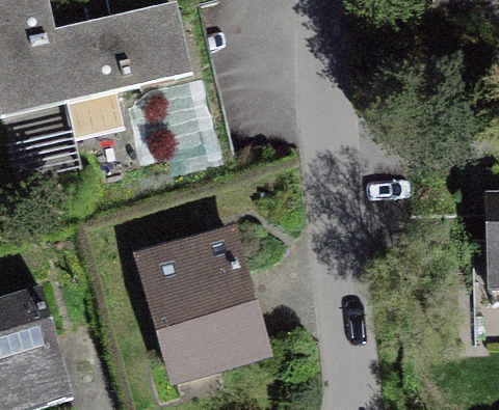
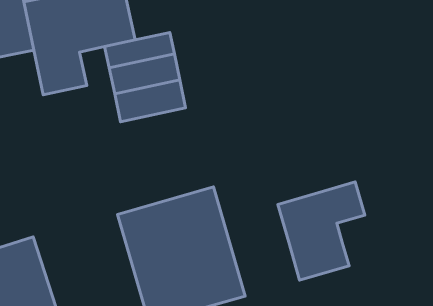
building: none -> [278,182,365,280]

